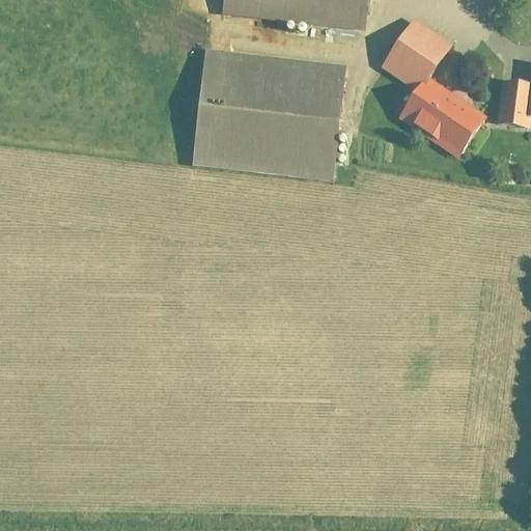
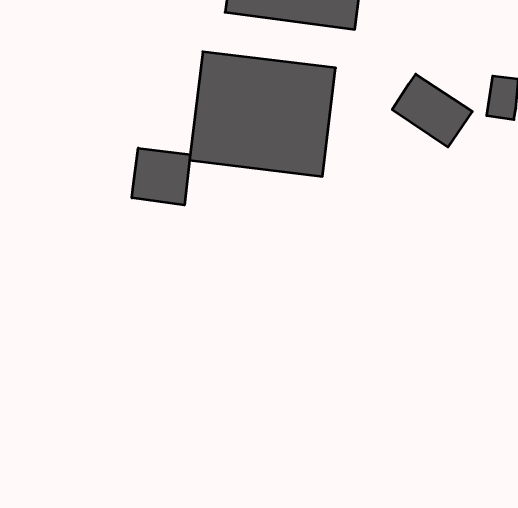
building: [383,17,449,86] -> none
building: none -> [132,148,190,205]

